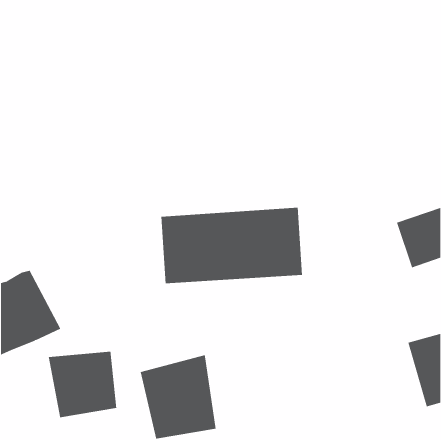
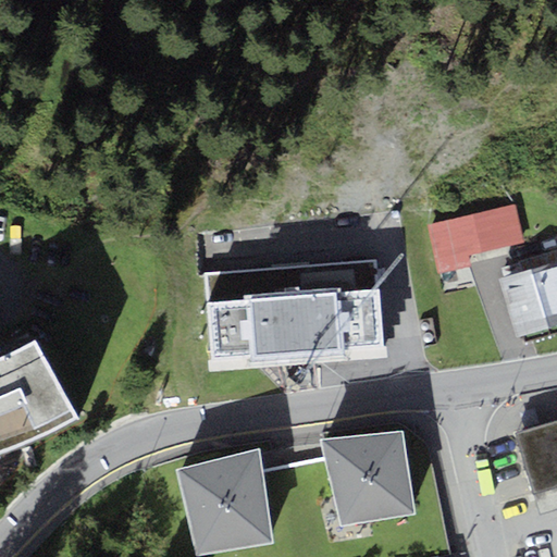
building: none -> [428,206,523,274]
building: none -> [320,431,416,525]
building: [48,351,117,418] -> none

